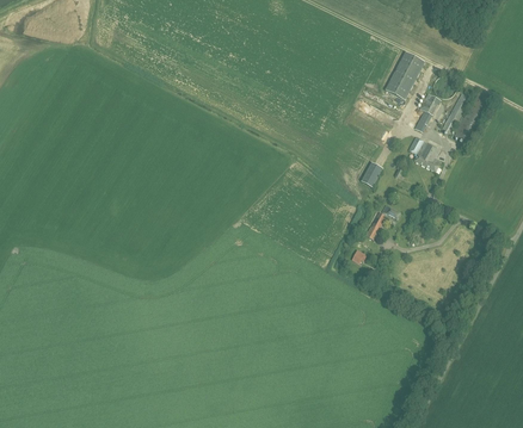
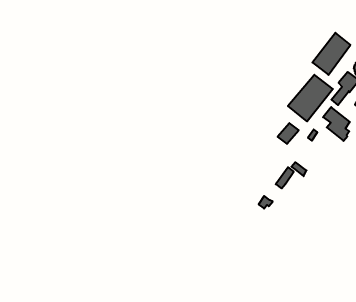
building: none -> [288,75,333,121]

